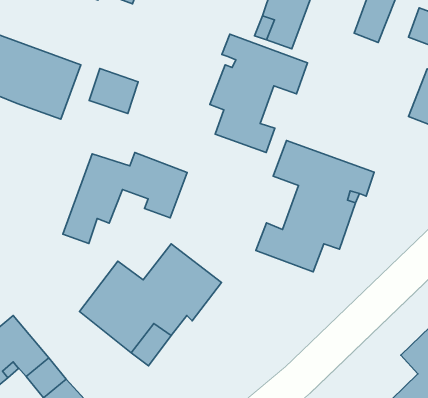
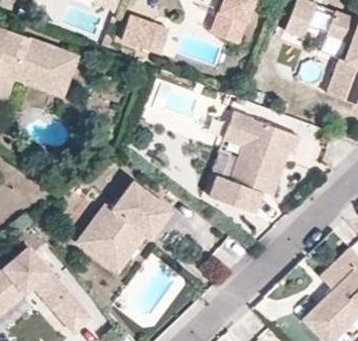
building: [210,34,308,153] -> none
building: [89,69,138,114] -> [121,14,158,48]
building: [63,153,187,243] -> none

